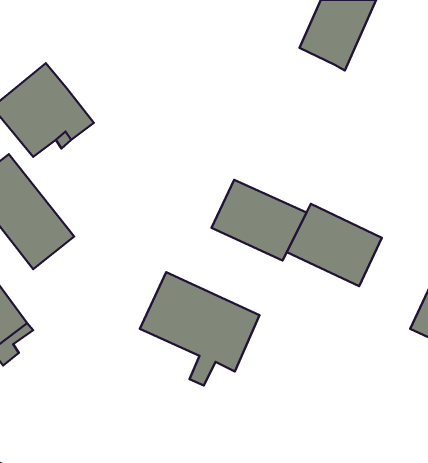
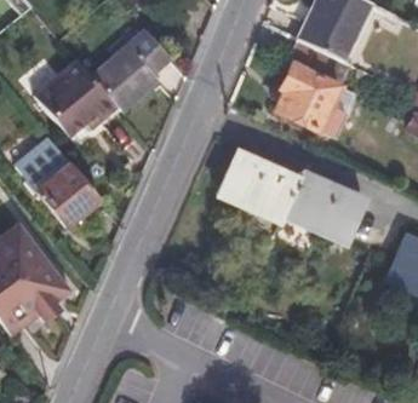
building: none -> [98,34,173,110]
building: none -> [270,41,343,140]
building: [140,272,260,386] -> none

